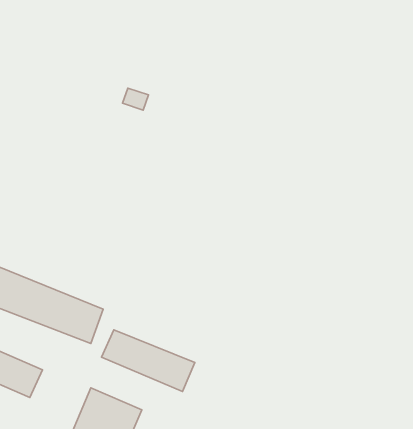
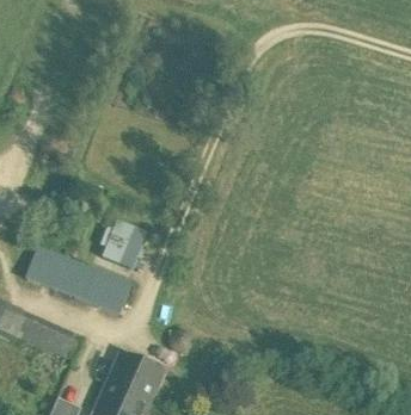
building: none -> [103,223,145,268]
building: [102,330,195,392] -> none

